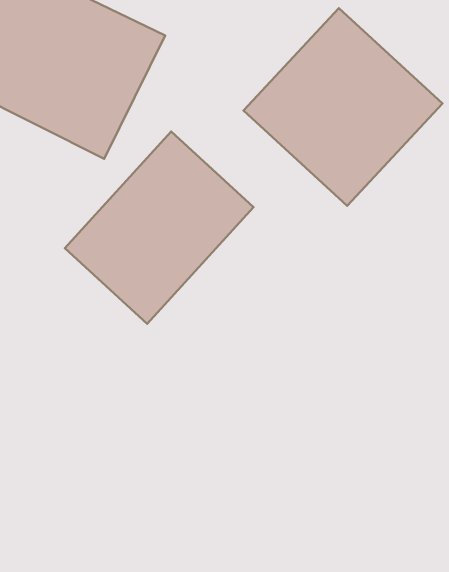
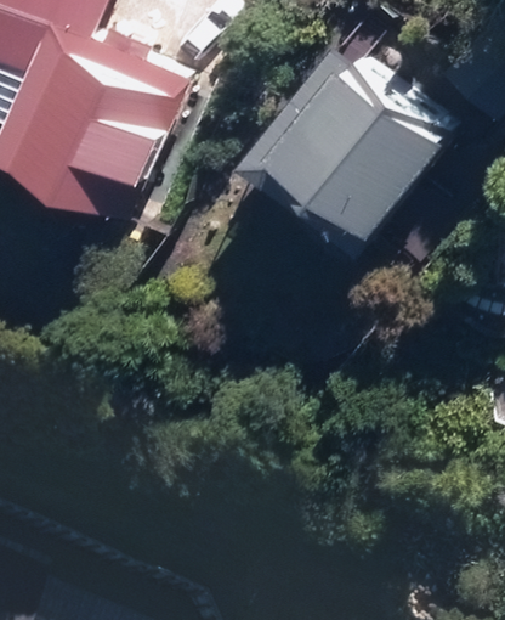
building: [65,132,253,324] -> none

